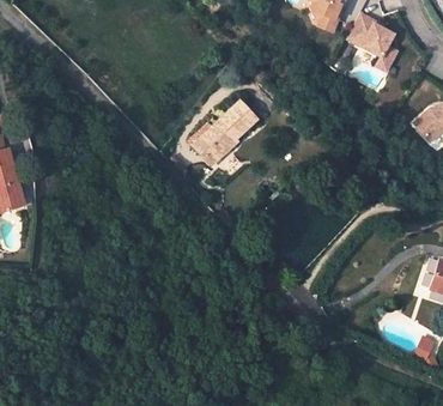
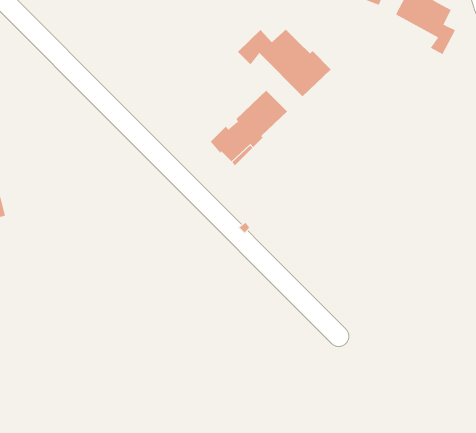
building: none -> [237,29,332,97]

